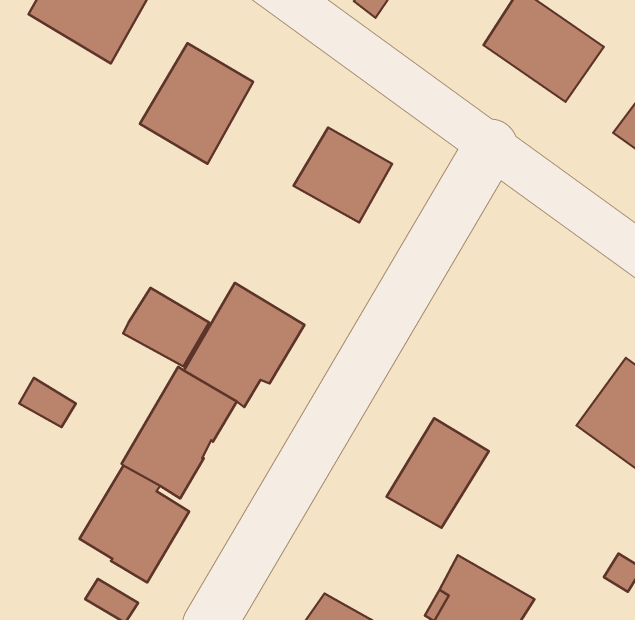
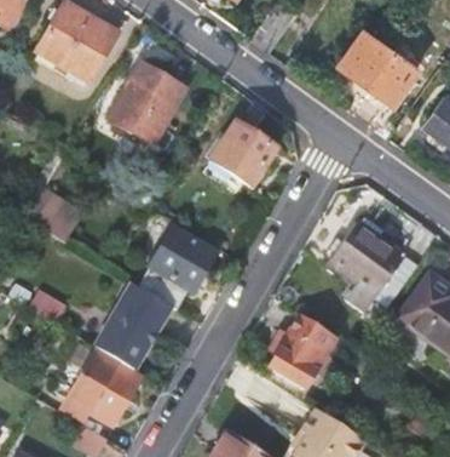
building: none -> [327,223,404,299]
building: [123,288,209,366] -> [27,189,83,241]

